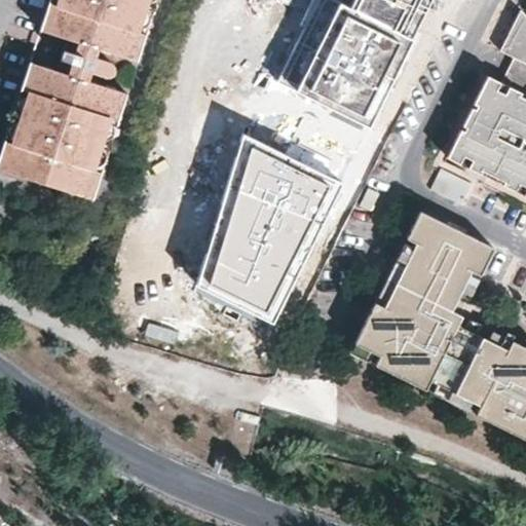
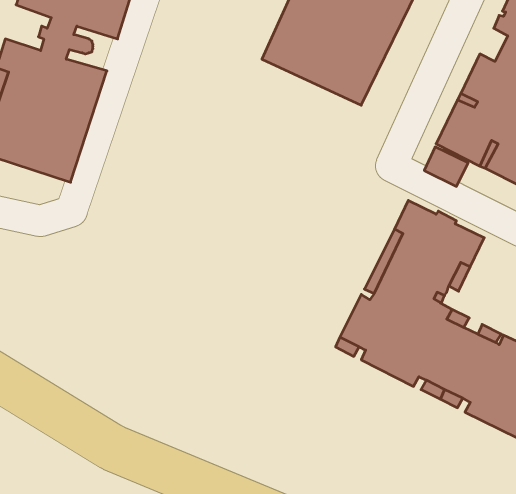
building: [197,129,343,322] -> none

